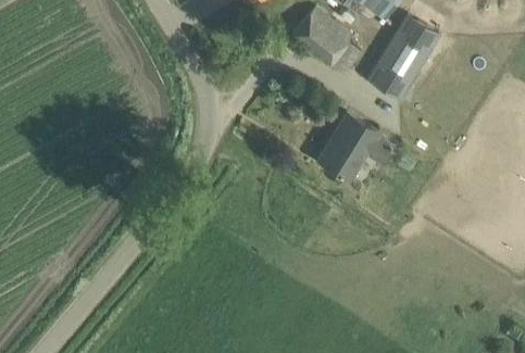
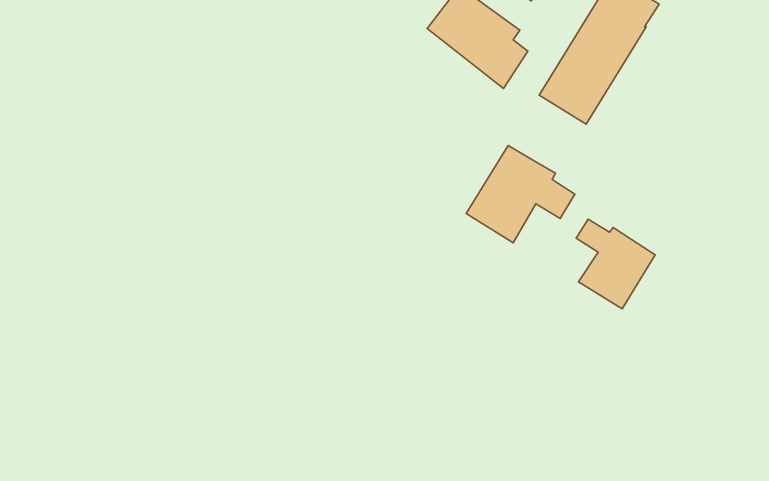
building: none -> [576,219,655,309]

